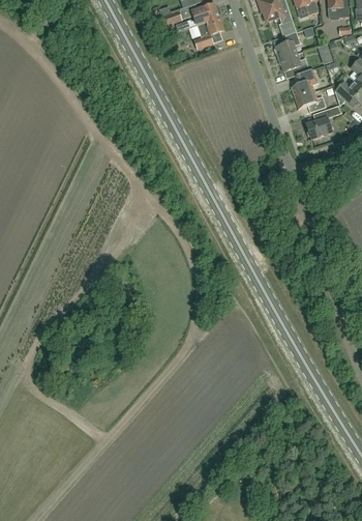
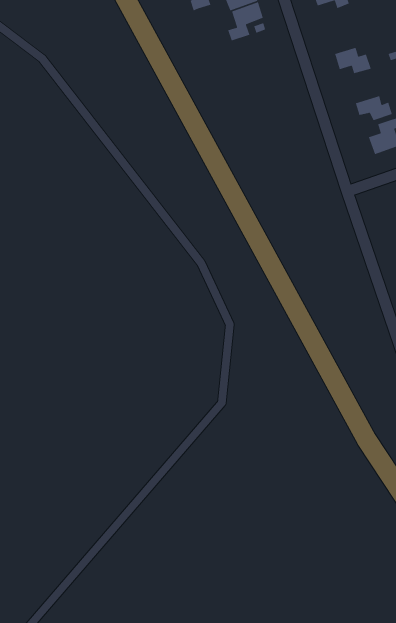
building: [274,30,299,57] -> none
building: [291,68,316,96] -> none

